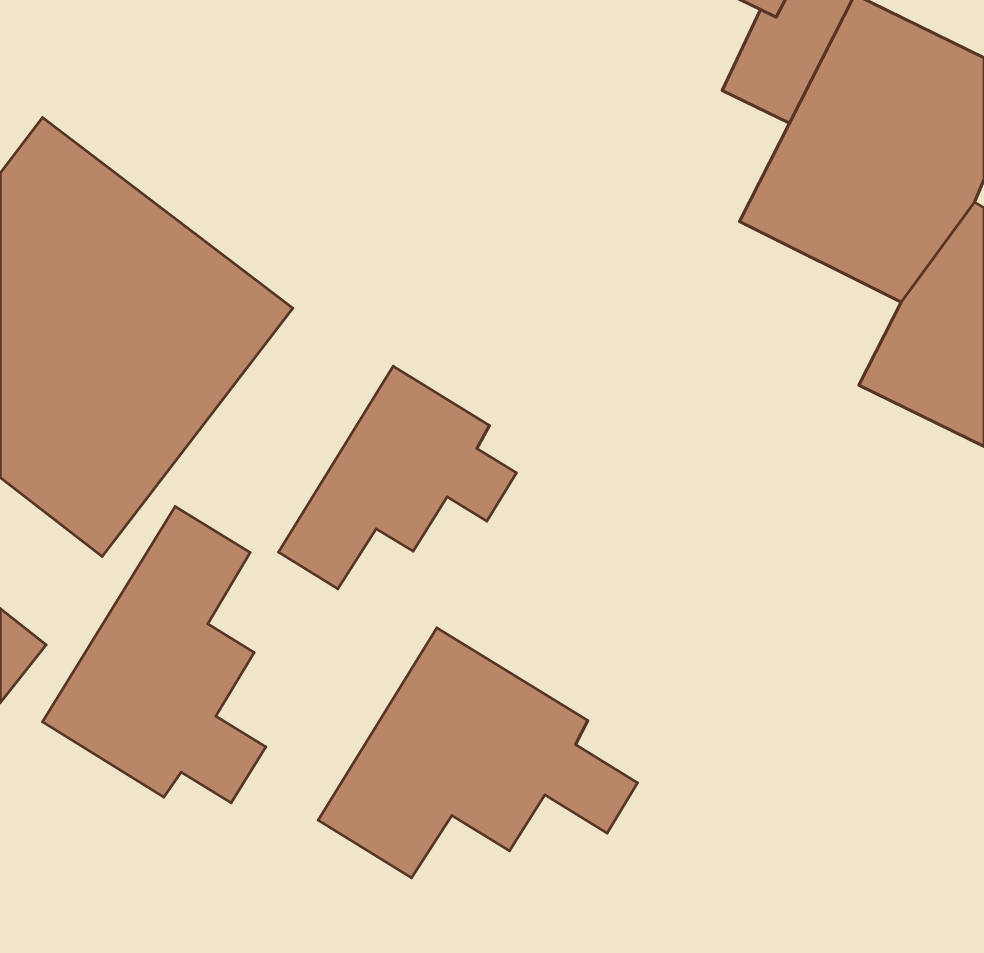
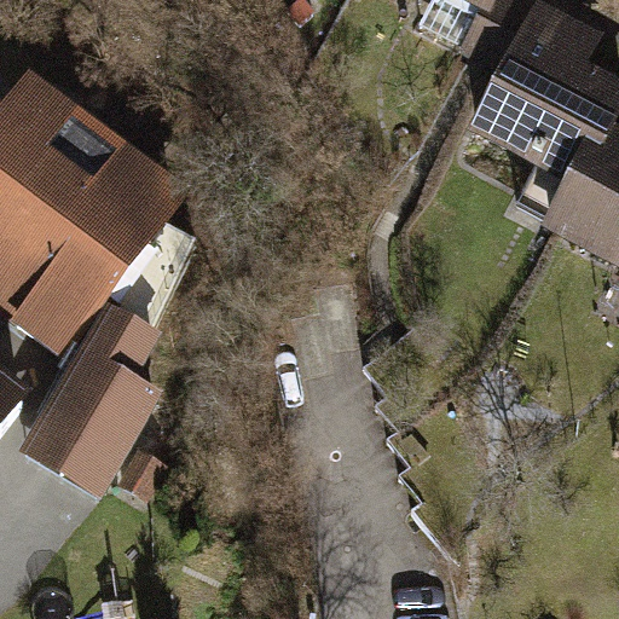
building: [278,366,516,589] -> none
building: [318,628,638,878] -> none

